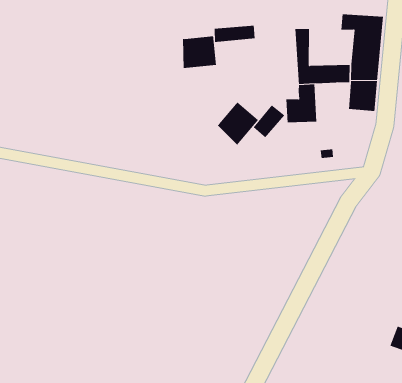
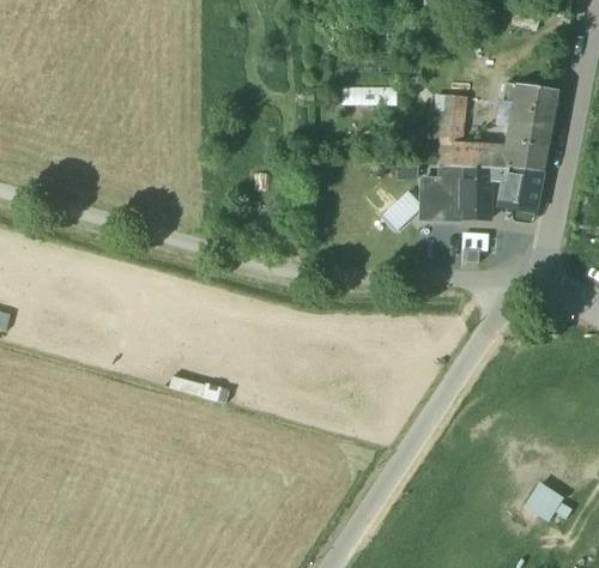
building: [182,36,216,69] -> none
building: none -> [461,169,491,218]
building: [217,102,259,146] -> none

